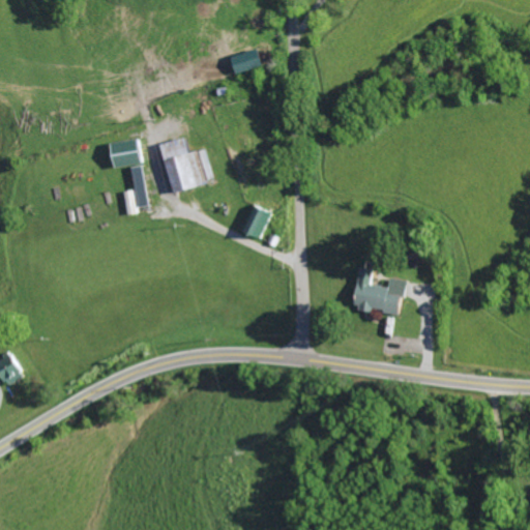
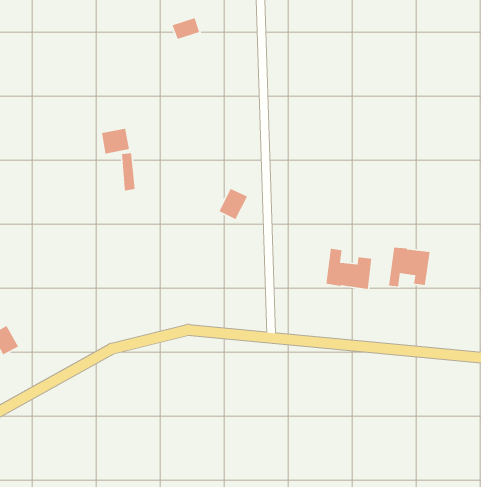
building: [229,49,260,73] -> [171,17,200,40]
building: [160,138,211,193] -> none
building: none -> [388,247,430,287]

